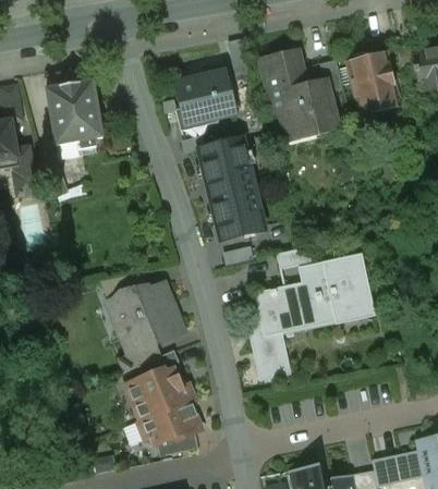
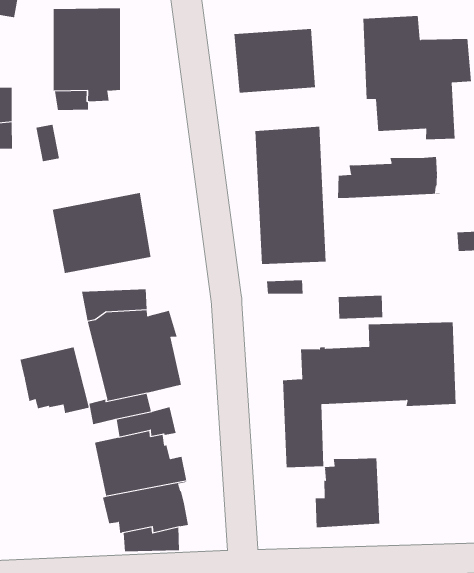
building: none -> [338,156,447,199]
building: none -> [52,192,151,274]
building: none -> [20,346,89,414]
building: none -> [315,457,380,528]

